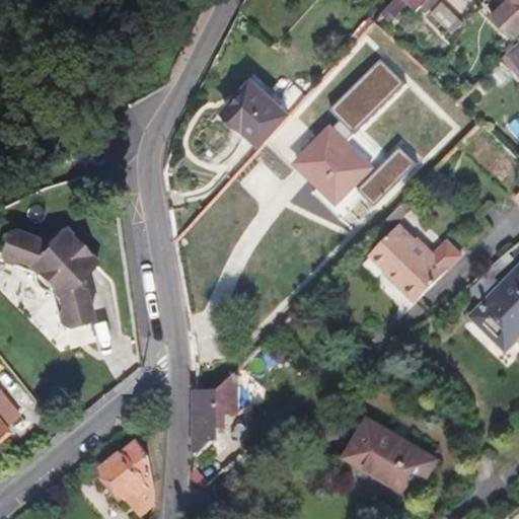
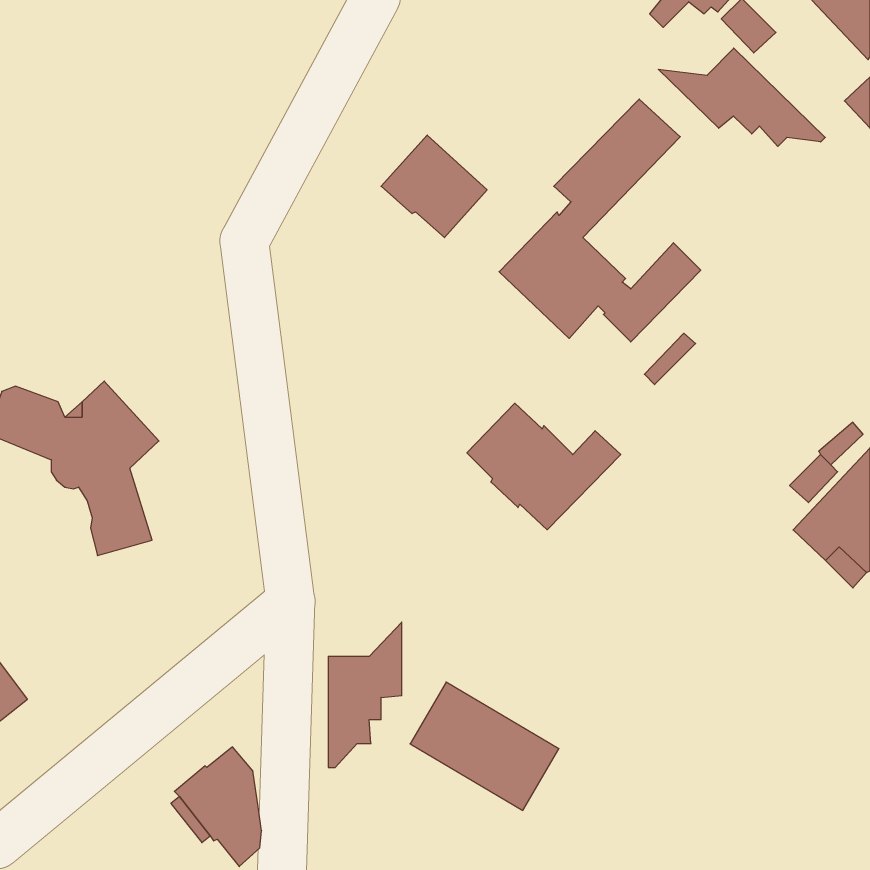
building: none -> [658,48,825,146]
building: [370,223,461,298] -> [467,403,621,530]
building: [347,419,435,495] -> [410,682,559,810]

